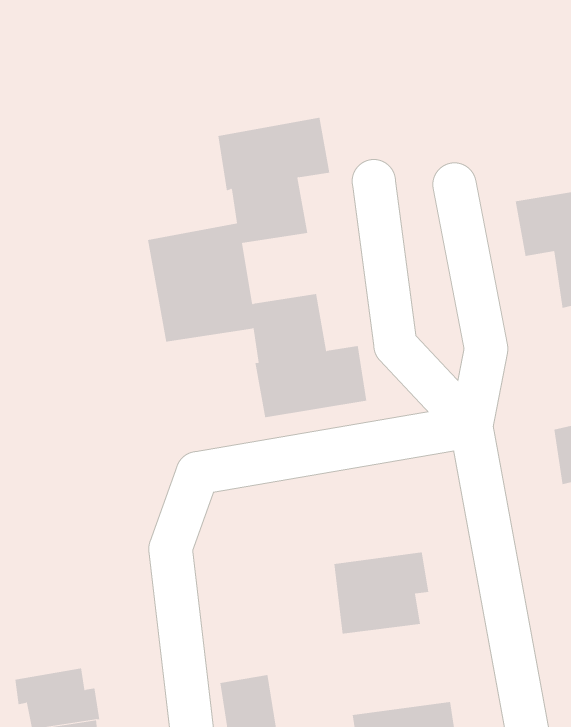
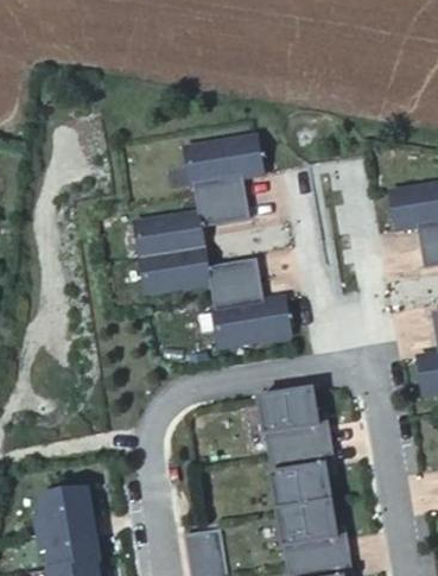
building: none -> [258,382,330,451]
building: none -> [38,487,94,533]
building: none -> [273,494,350,558]

